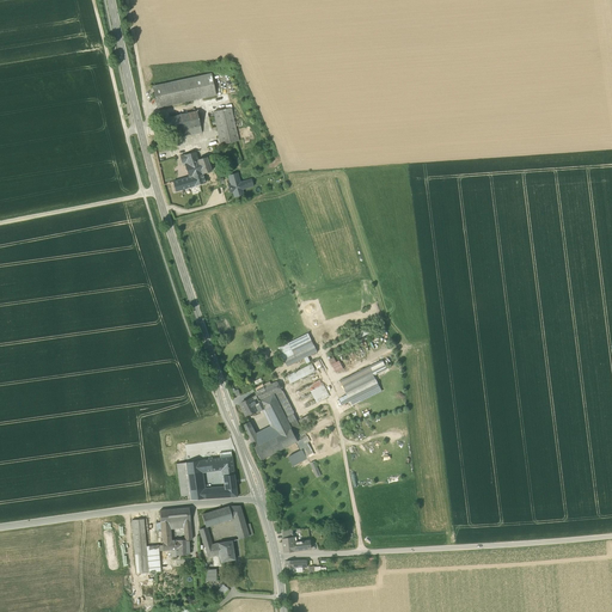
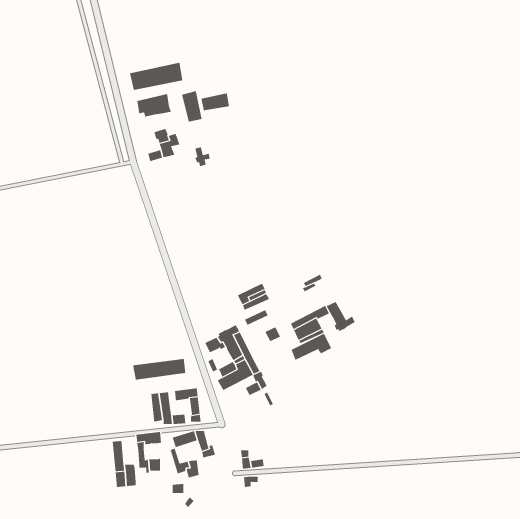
building: none -> [201,92,229,111]
building: none -> [326,301,356,332]
building: none -> [291,333,332,360]
building: none -> [132,358,186,381]

